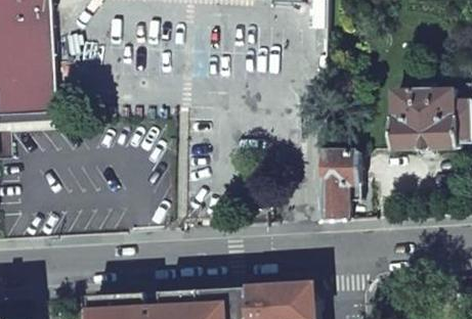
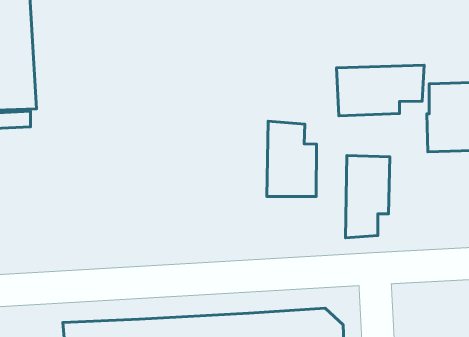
building: none -> [337,65,424,116]
building: none -> [267,121,316,197]

